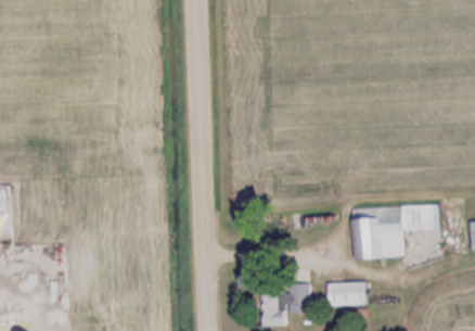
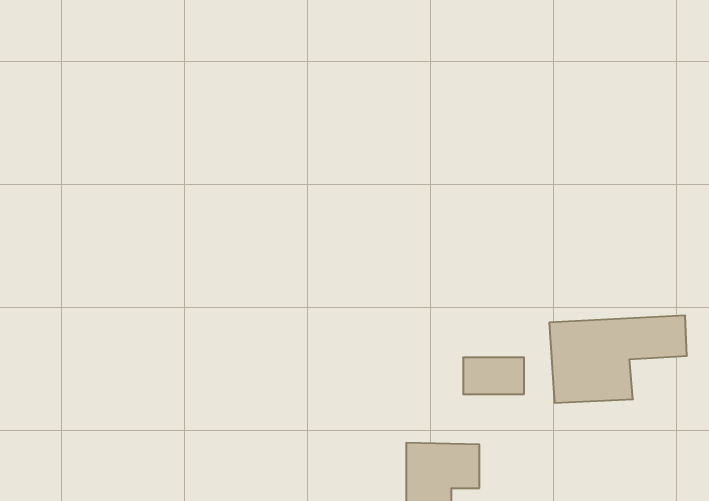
building: [330,283,368,306] -> [463,357,524,394]

